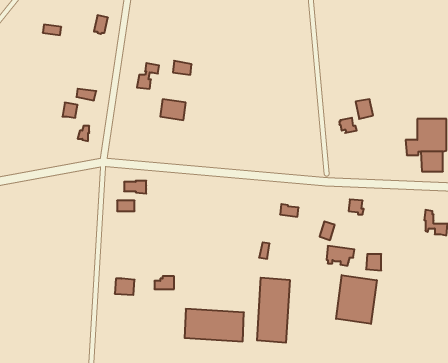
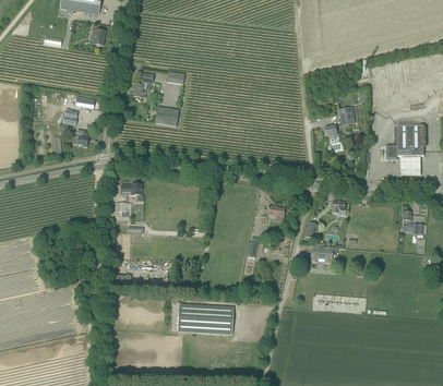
building: [336,275,377,324] -> none
building: [257,278,290,343] -> none

